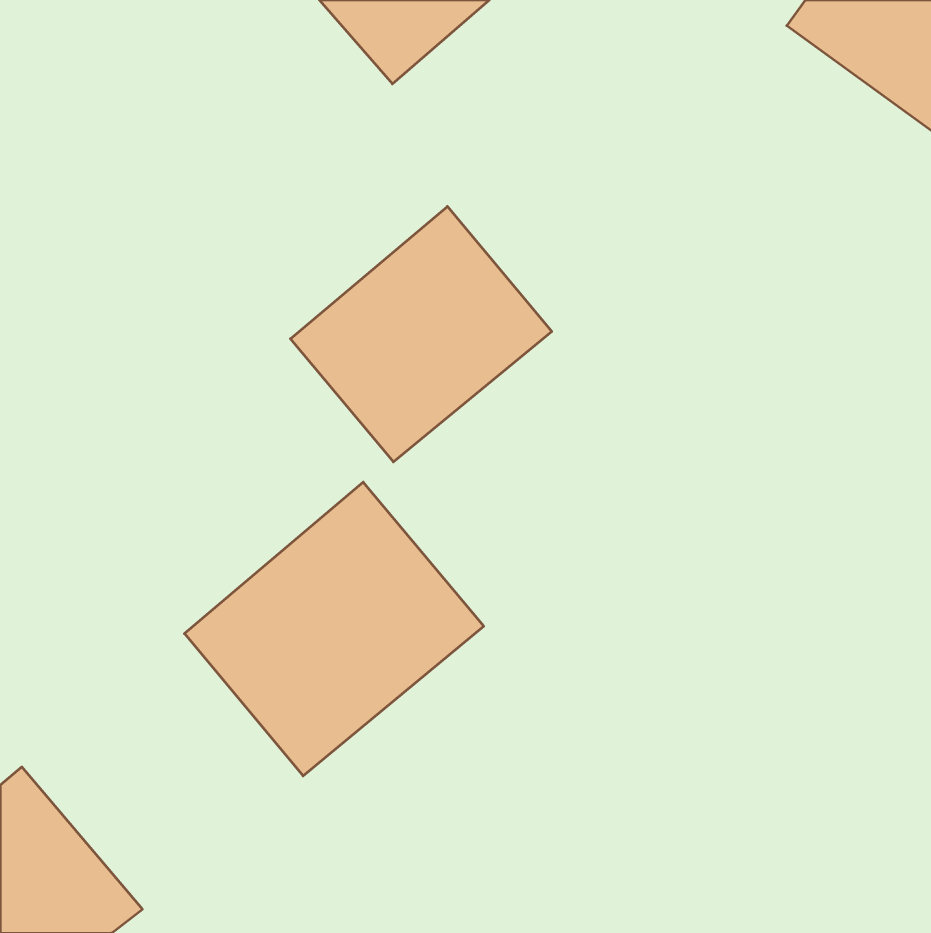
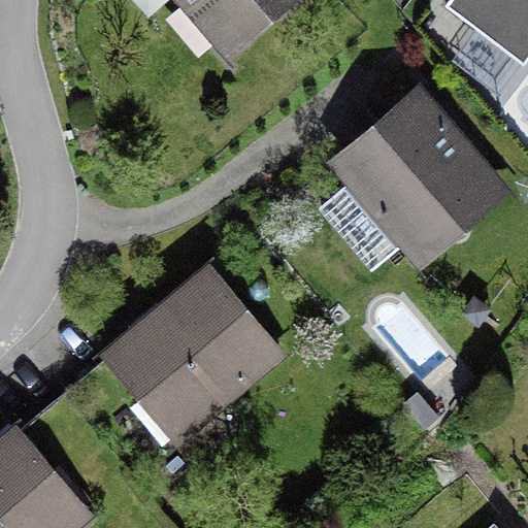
building: none -> [337,99,495,258]
building: [290,206,552,462] -> none

